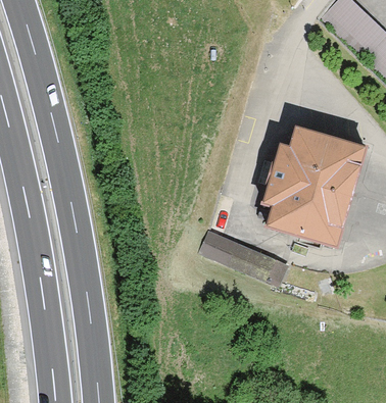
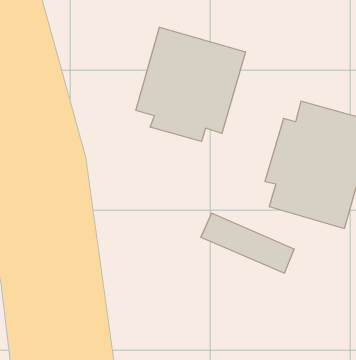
building: none -> [136,27,246,141]

